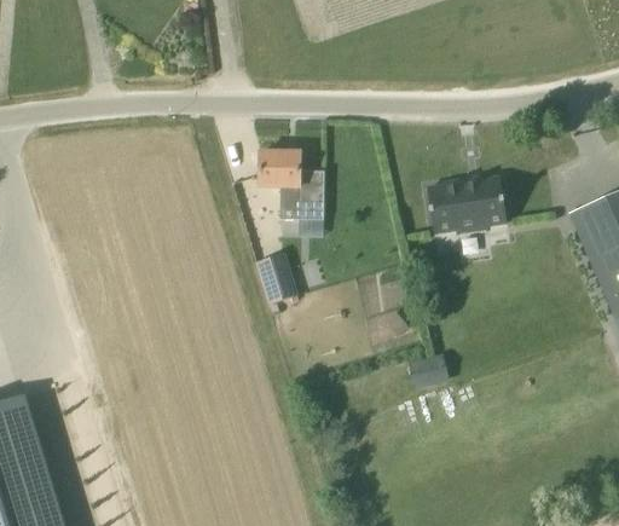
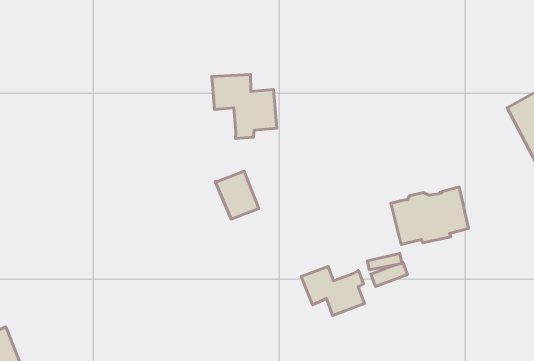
building: [428,177,508,232] -> [391,187,469,245]
building: none -> [301,266,365,315]

